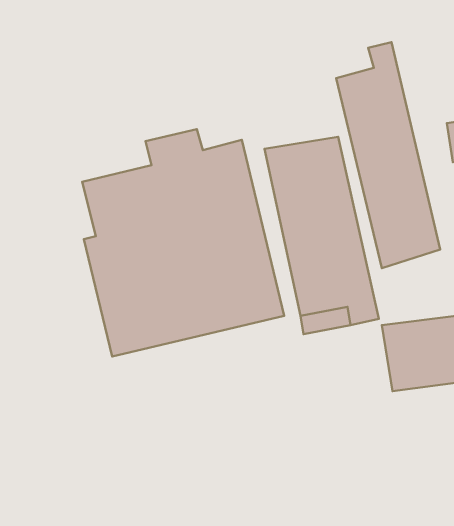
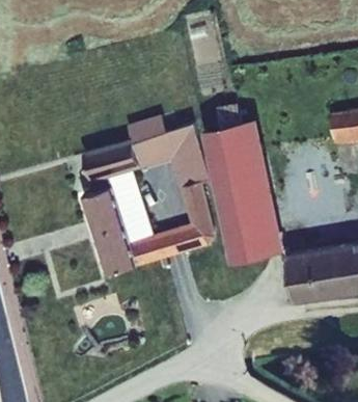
building: [336,42,440,268] -> none

